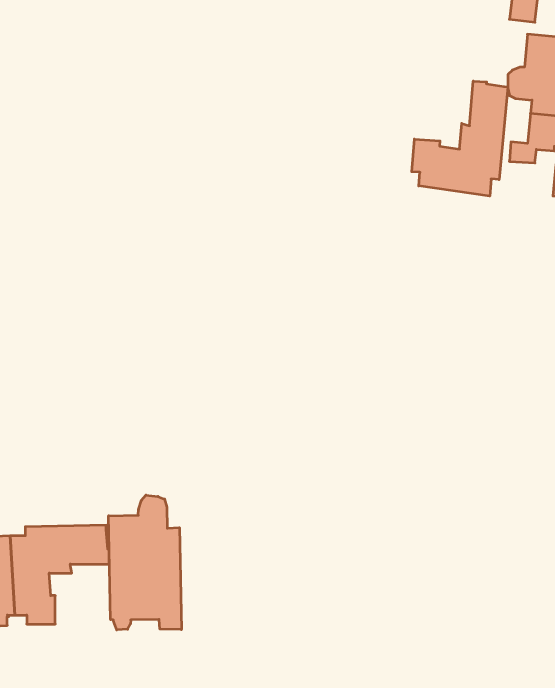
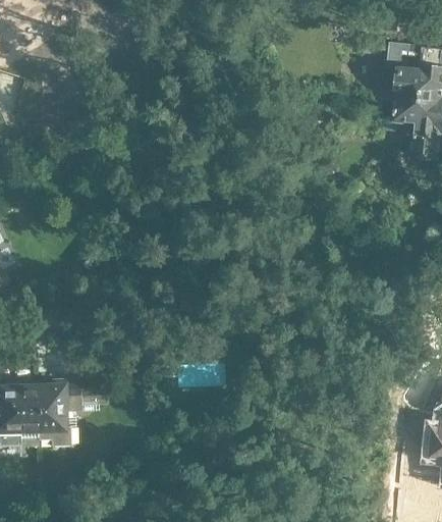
building: [412,81,508,196] -> none
building: [109,495,181,630] -> none

